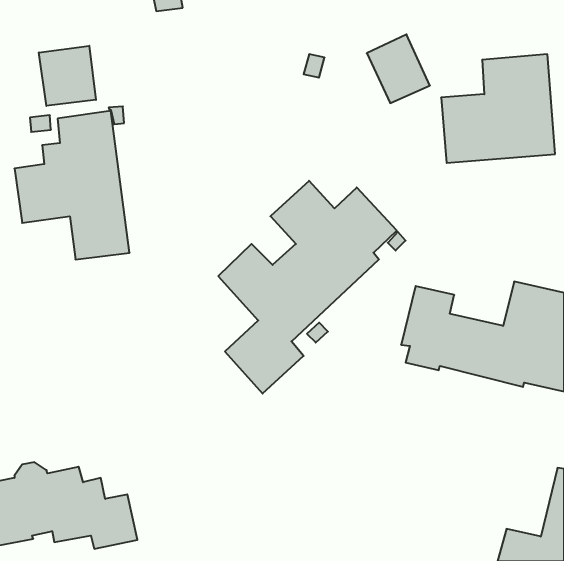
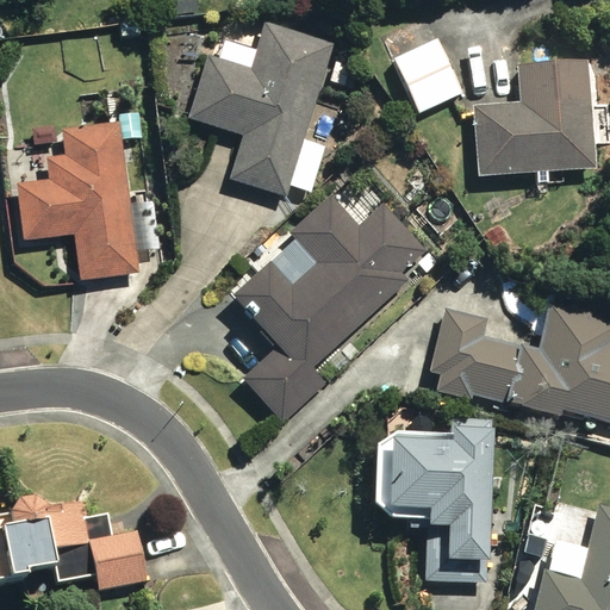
building: none -> [189,20,332,195]
building: [39,46,96,106] -> none
building: none -> [388,417,492,581]

